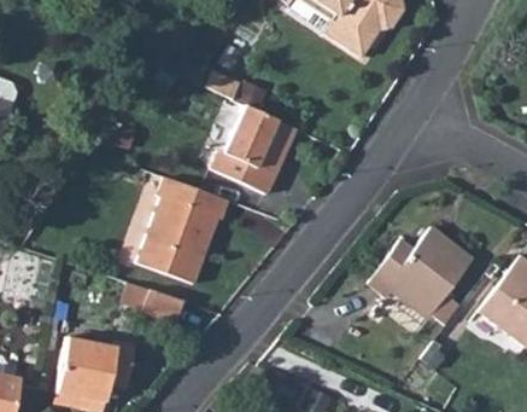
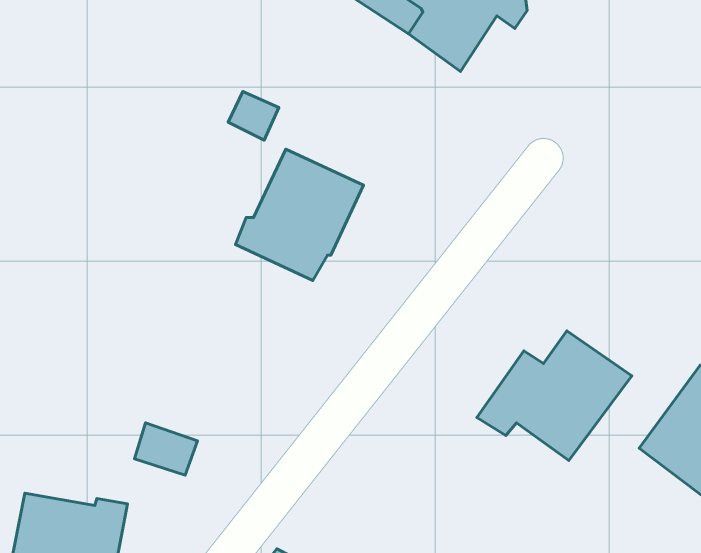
building: [135,179,226,285] -> none

